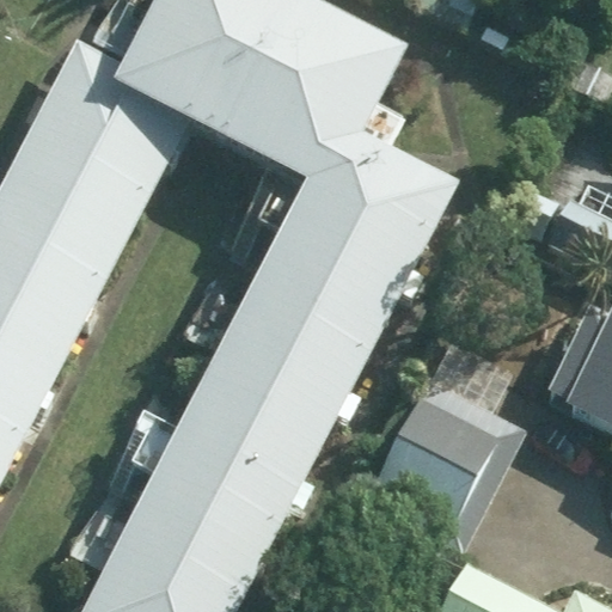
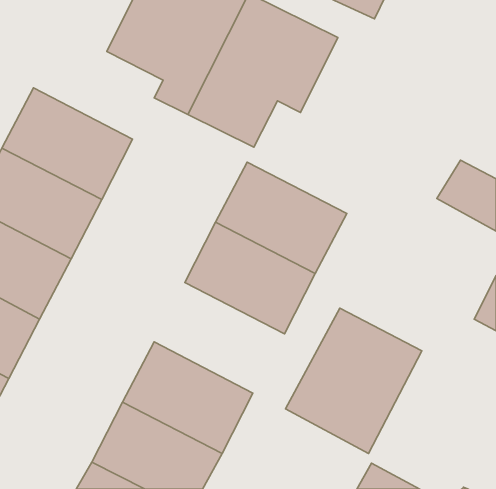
building: [41,35,197,169] -> none
building: [299,122,457,258] -> none
building: [186,342,344,476] -> none

